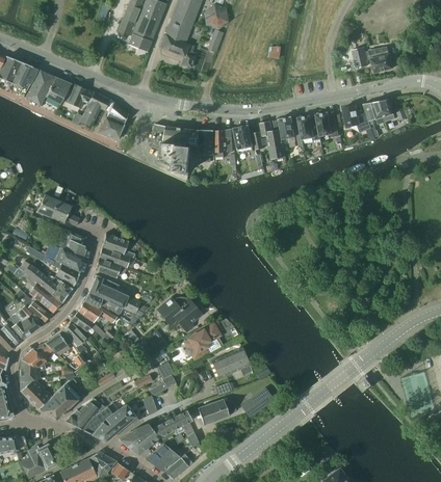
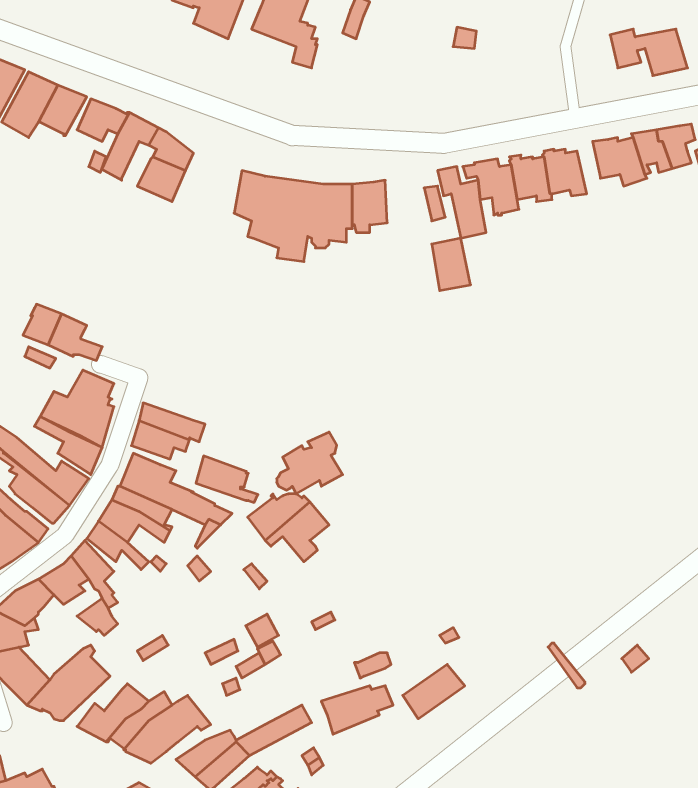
building: [233,126,254,154] -> [432,238,471,291]
building: [101,234,134,259] -> [196,456,258,502]
building: [185,325,220,358] -> [277,432,343,494]
building: [211,348,250,378] -> none

